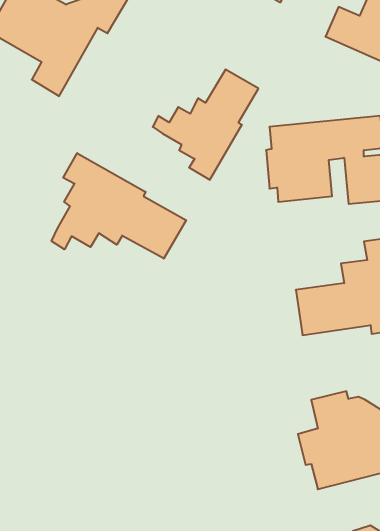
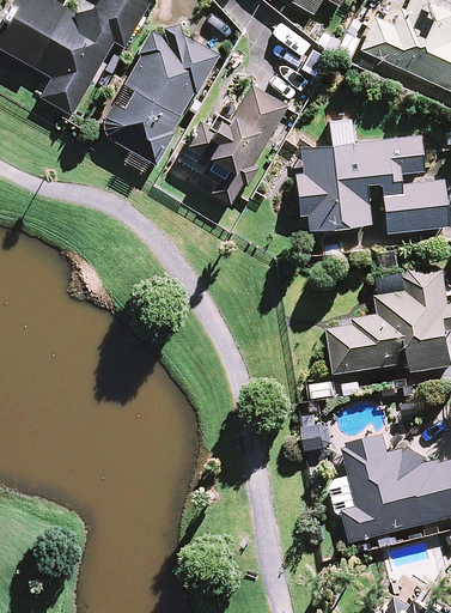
building: none -> [102,22,217,164]
building: [52,153,186,259] -> none

